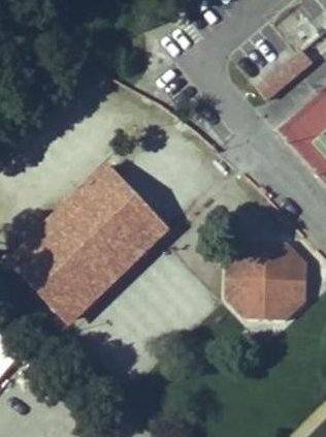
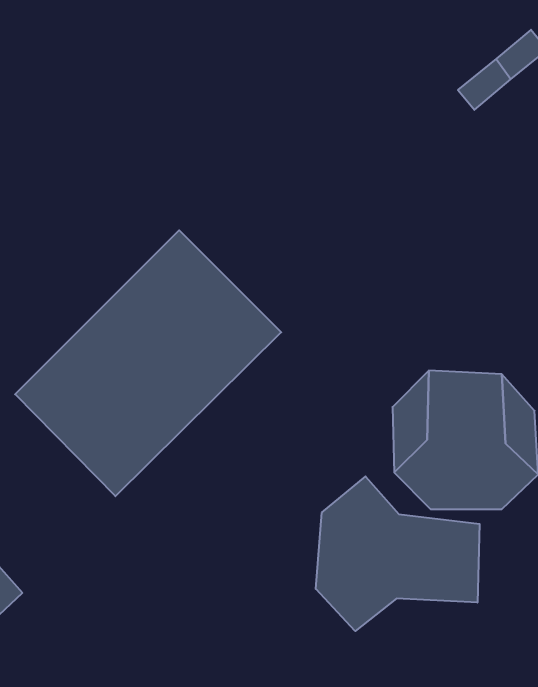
building: none -> [316,476,480,631]

